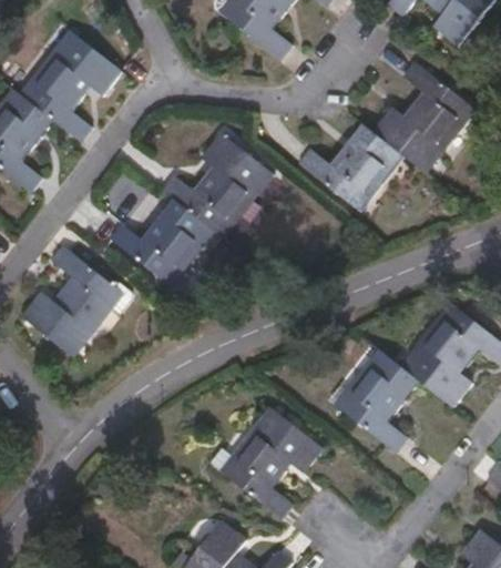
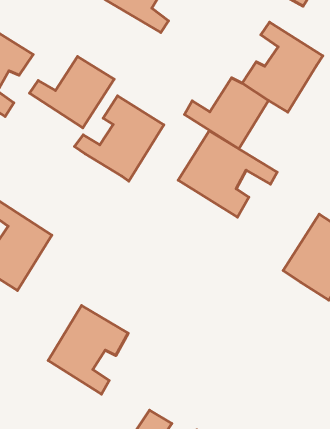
building: none -> [178,131,277,217]
building: [110,199,215,286] -> [29,57,114,128]
building: [335,348,420,453] -> none
building: [219,406,320,517] -> [48,305,128,394]

